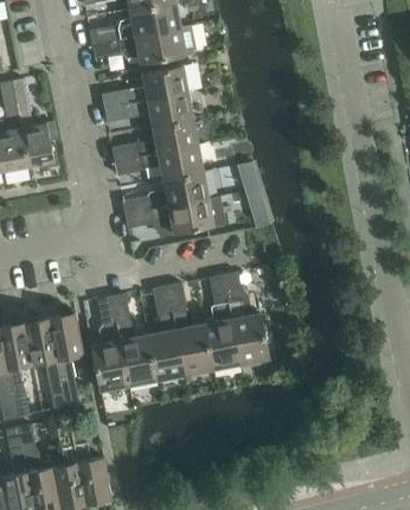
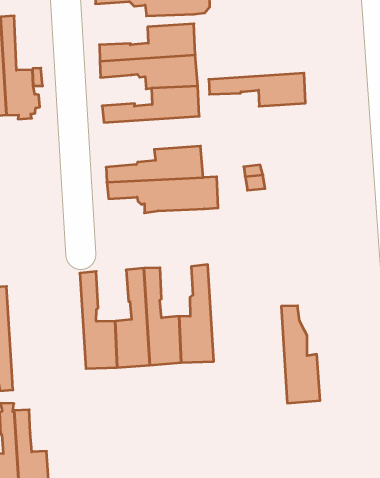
building: [116,146,204,180] -> [209,73,305,106]
building: [224,273,269,359] -> [281,306,320,403]
building: [92,298,129,387] -> none
building: [50,313,85,408] -> none

